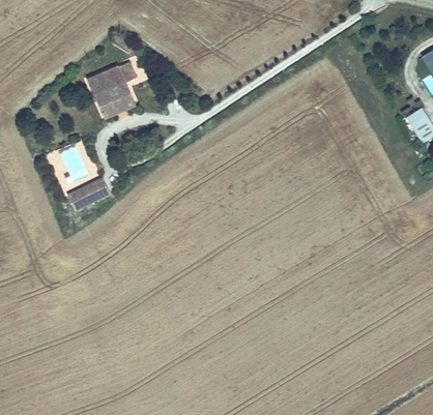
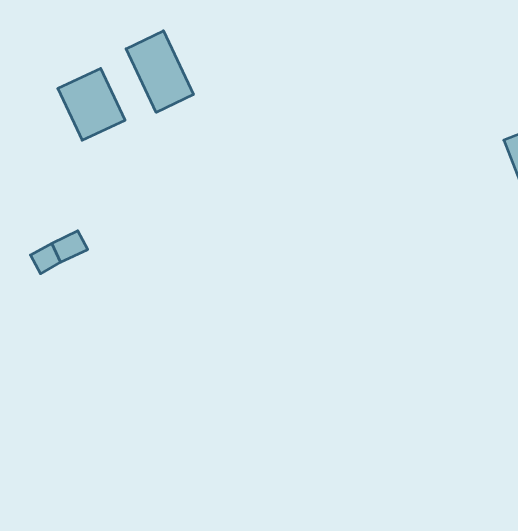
building: none -> [126,31,193,112]

